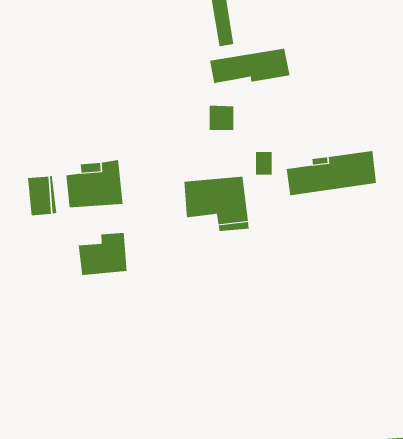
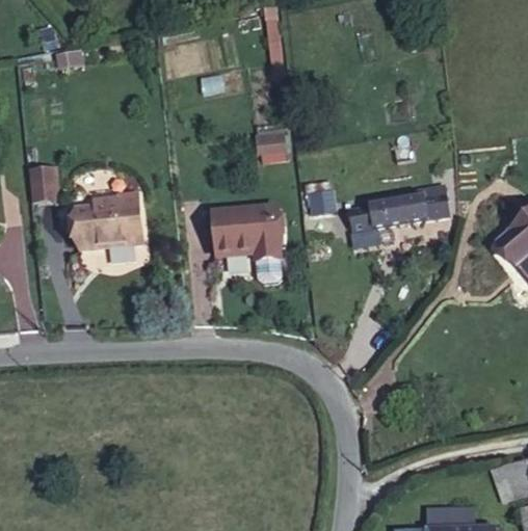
building: [210,48,290,84] -> none
building: none -> [28,164,57,198]
building: [78,232,127,276] -> none

